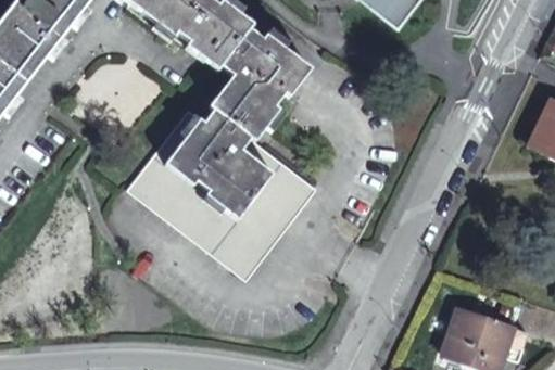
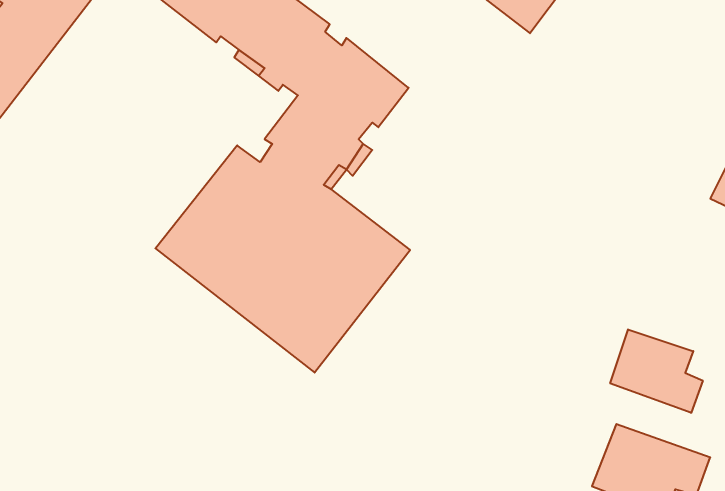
building: none -> [610,329,703,413]

